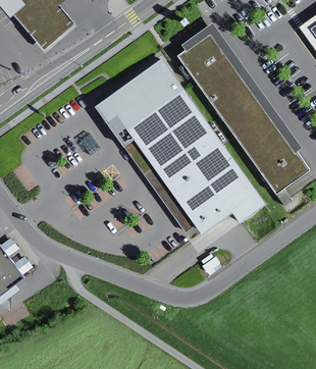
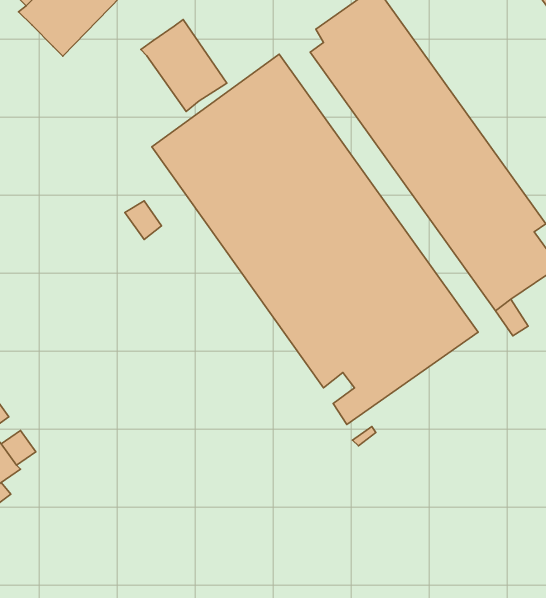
building: none -> [141,20,227,112]

